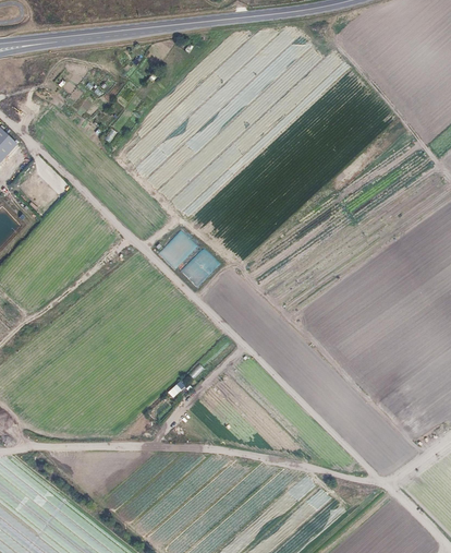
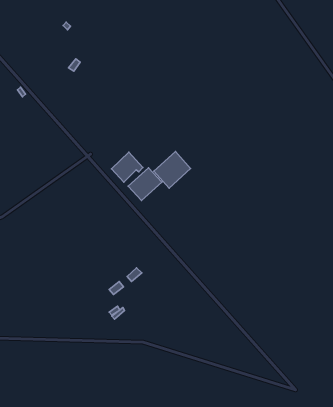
building: none -> [154,152,191,188]

